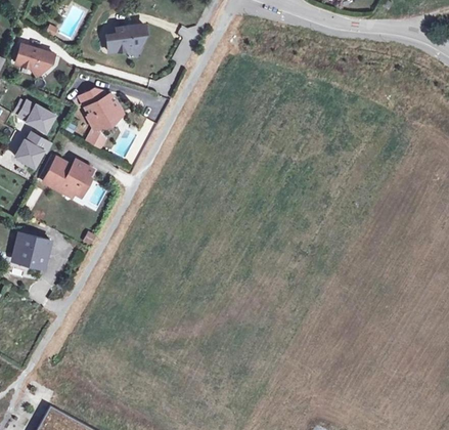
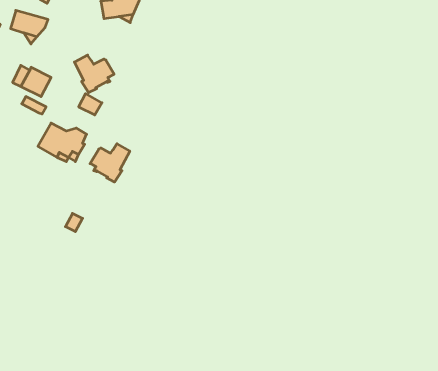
building: [13,136,43,166] -> none
building: none -> [90,144,130,182]
building: [12,230,50,266] -> none

